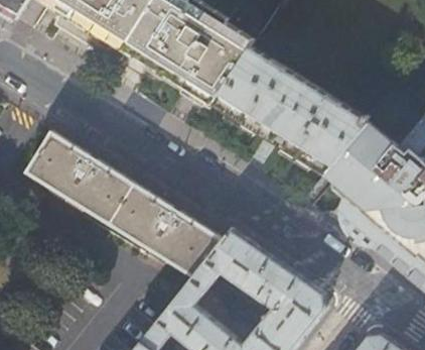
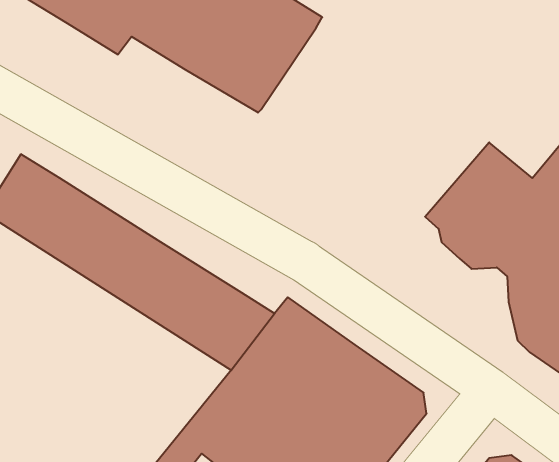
building: [214,45,368,173] -> none

